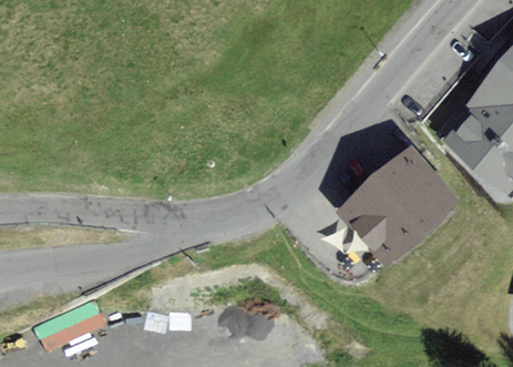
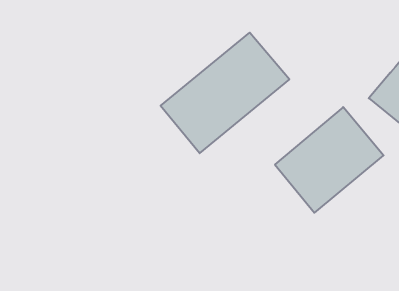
building: none -> [161,33,289,153]

